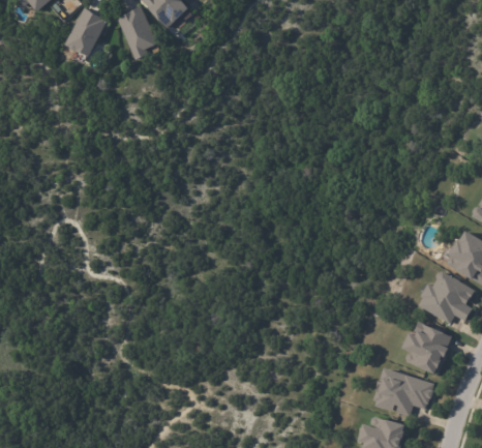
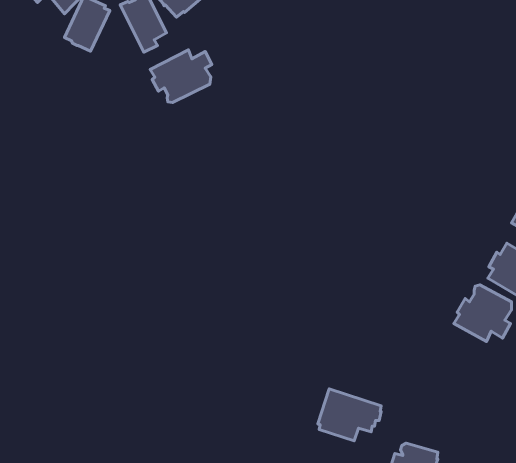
building: none -> [150,50,212,103]
building: [408,322,453,376] -> none
building: [375,369,433,417] -> [318,389,381,441]

